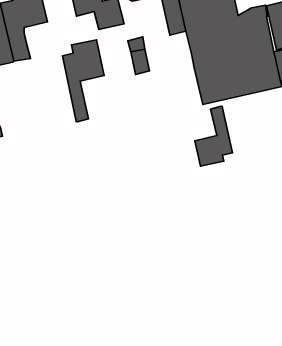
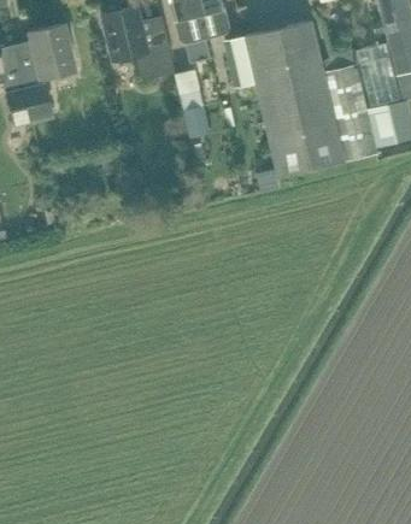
building: [62,40,104,122] -> none
building: [195,106,232,166] -> none

